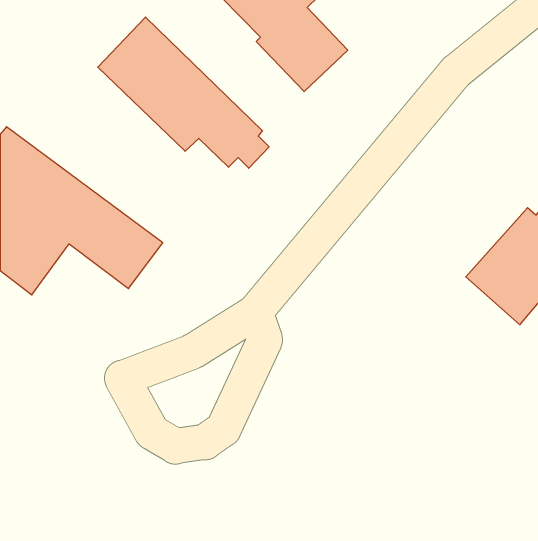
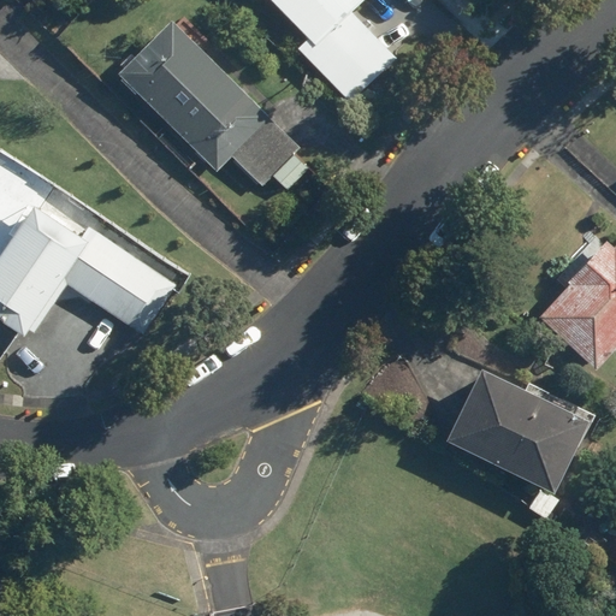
building: none -> [439,368,579,516]

